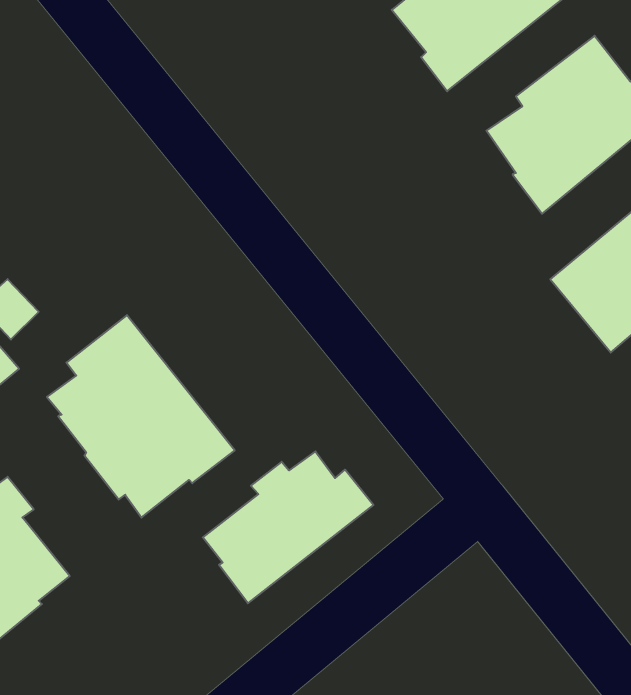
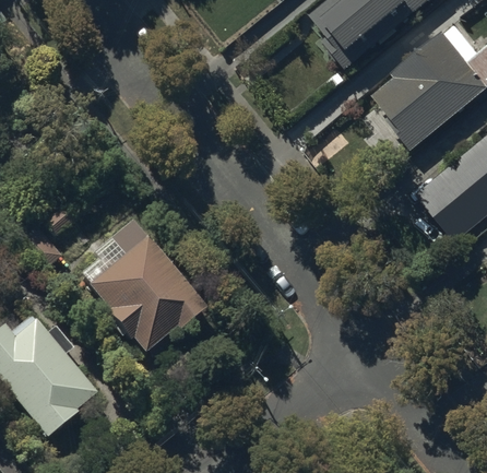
building: [203,451,373,603] -> none

